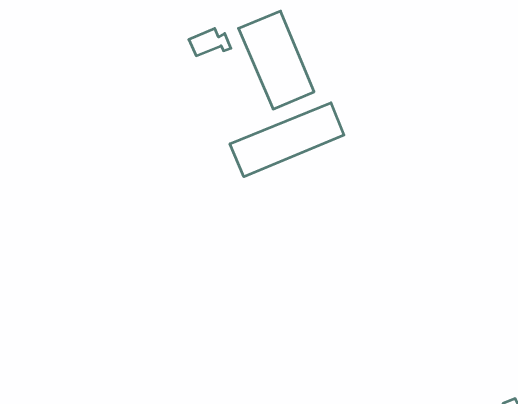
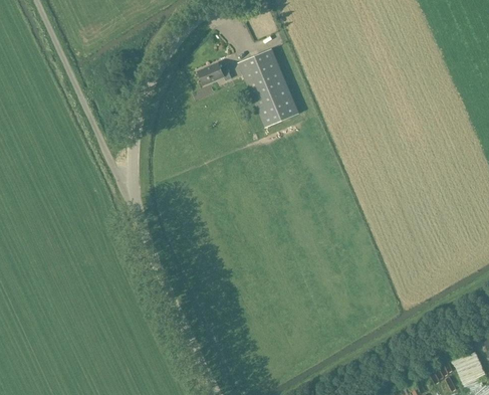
building: [230,103,344,177] -> none

